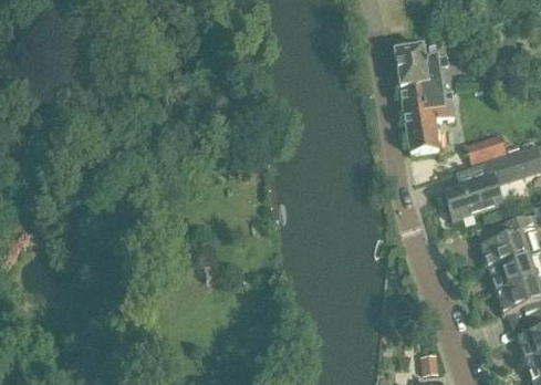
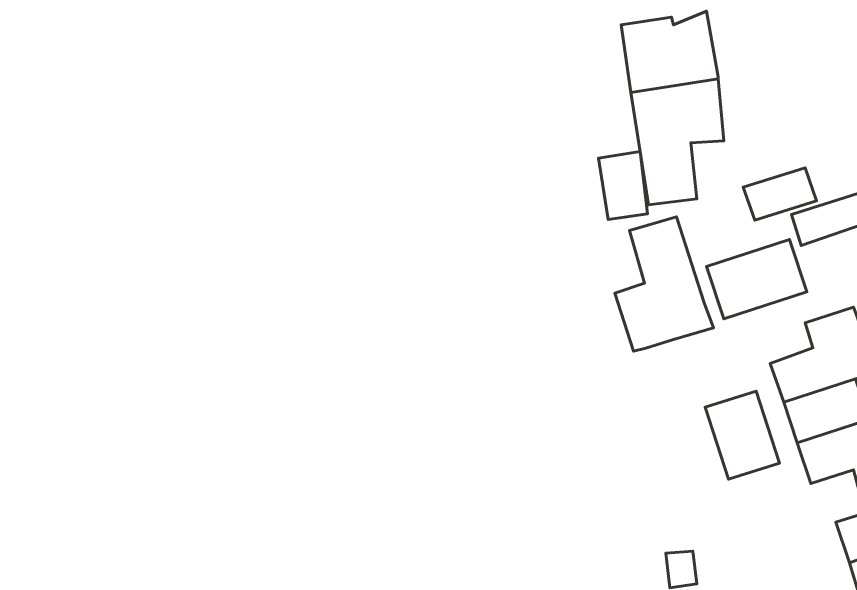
building: none -> [599,152,647,220]
building: none -> [615,217,714,351]
building: none -> [705,391,780,479]

